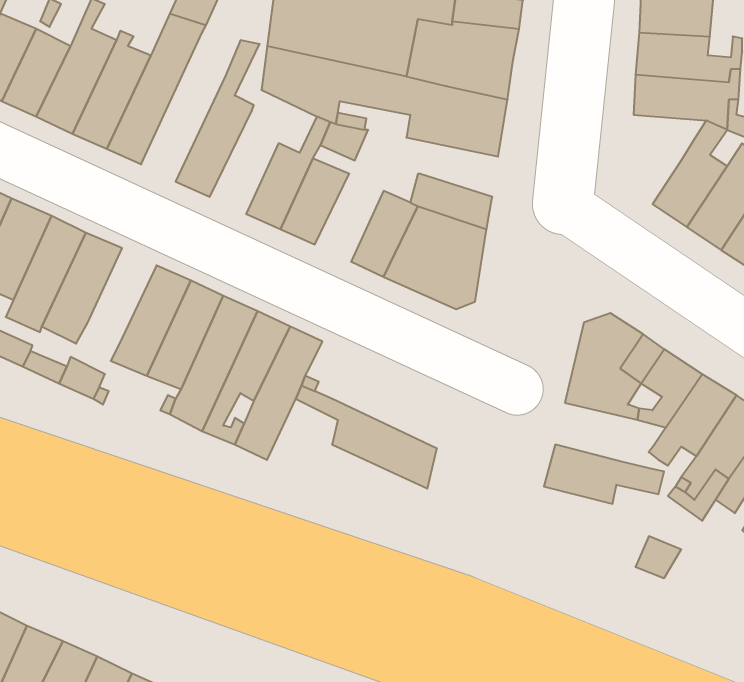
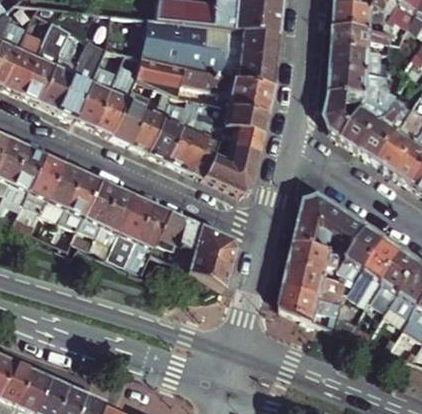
building: none -> [75,64,119,127]
building: none -> [111,90,151,144]
building: none -> [327,92,371,139]
building: none -> [205,103,262,135]
building: none -> [166,123,202,169]
building: none -> [47,162,83,209]
building: none -> [163,211,235,267]
building: none -> [292,243,350,274]
building: none -> [281,287,322,321]

